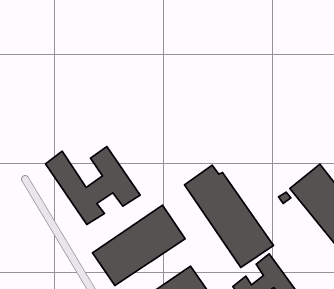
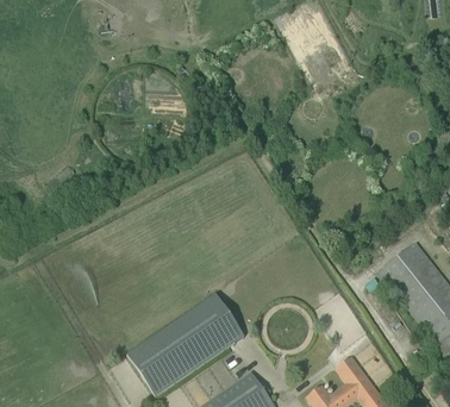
building: [45,147,140,225] -> none
building: [184,165,273,268] -> none

